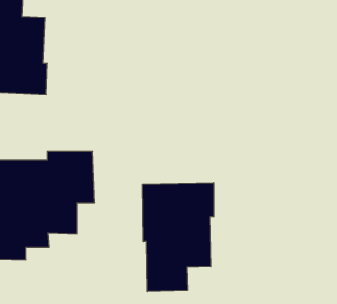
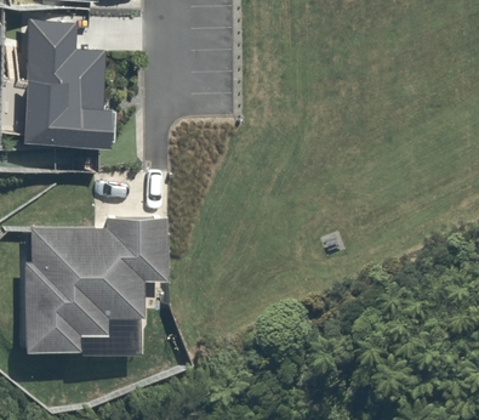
building: [143,183,214,292] -> none

